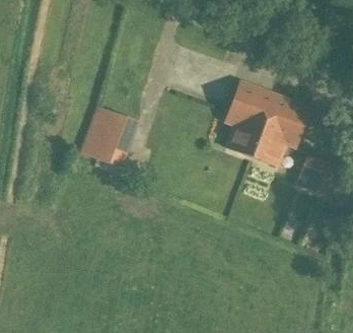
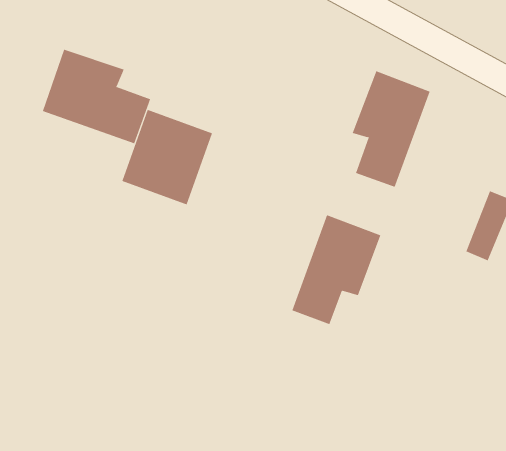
building: none -> [42,49,151,144]
building: [252,92,308,162] -> [291,214,381,325]

